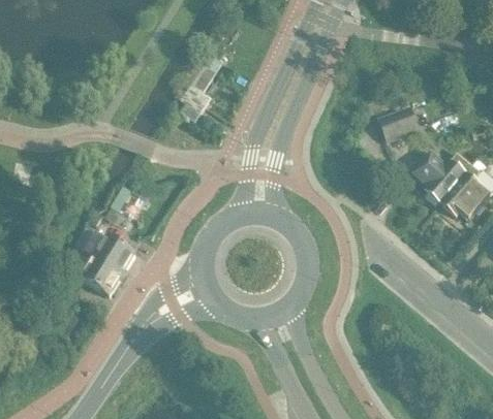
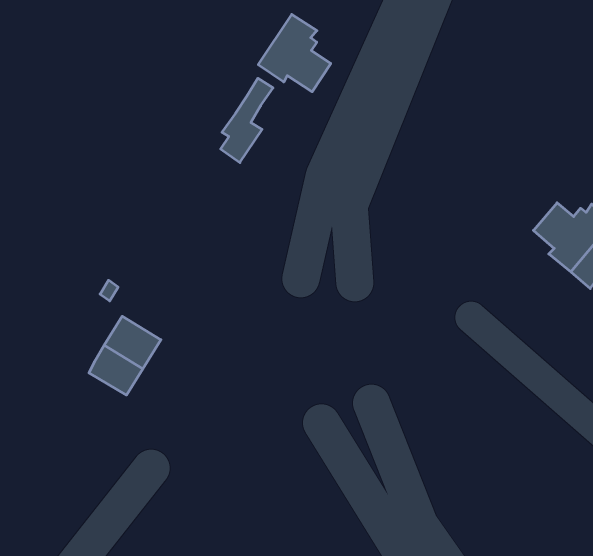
building: none -> [258,14,331,92]
building: [377,107,417,142] -> none

